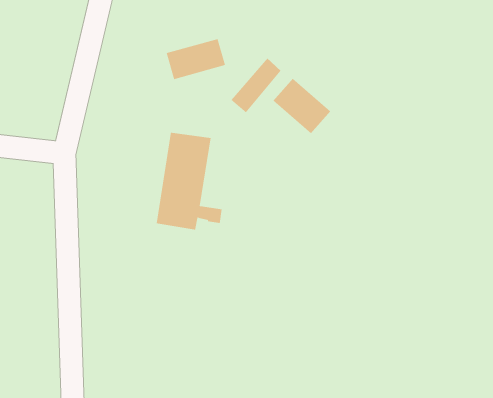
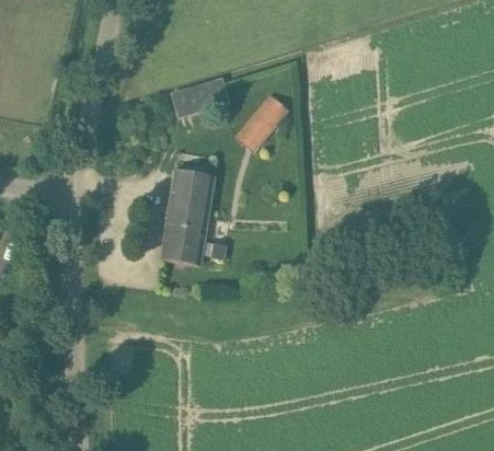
building: [272,78,331,134] -> none

